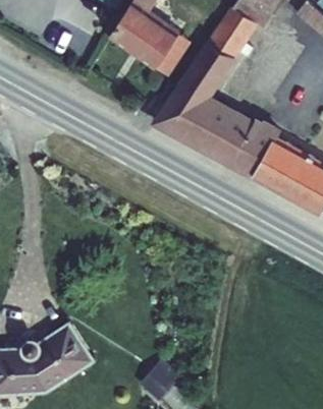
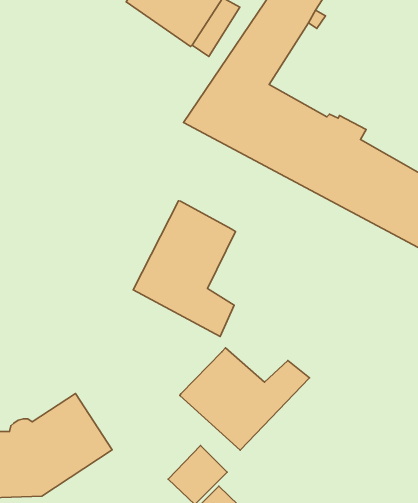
building: none -> [133,201,236,337]
building: none -> [180,348,310,450]

